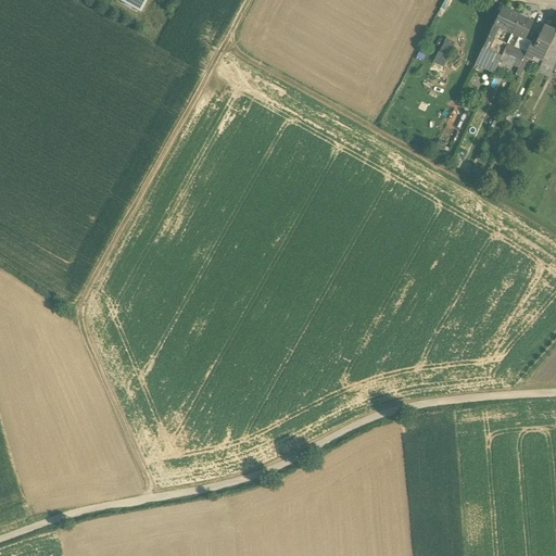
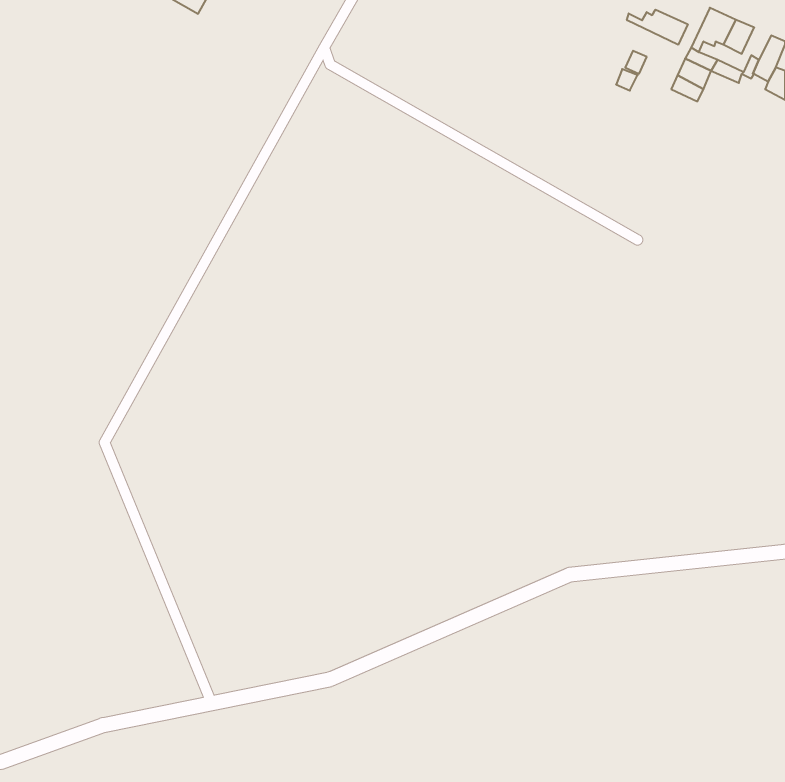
building: none -> [627,10,688,45]

